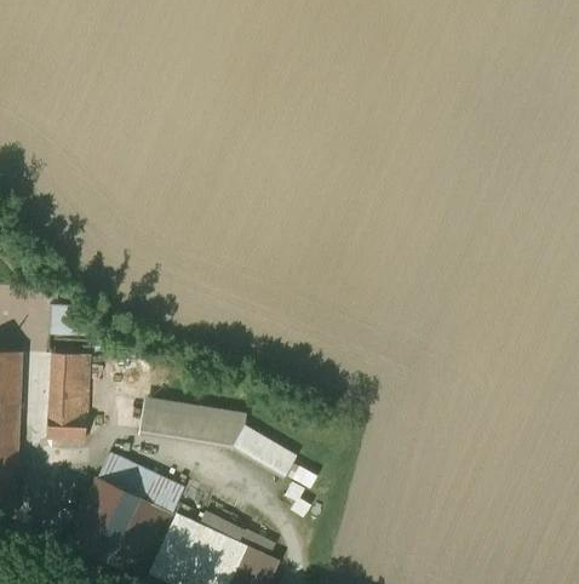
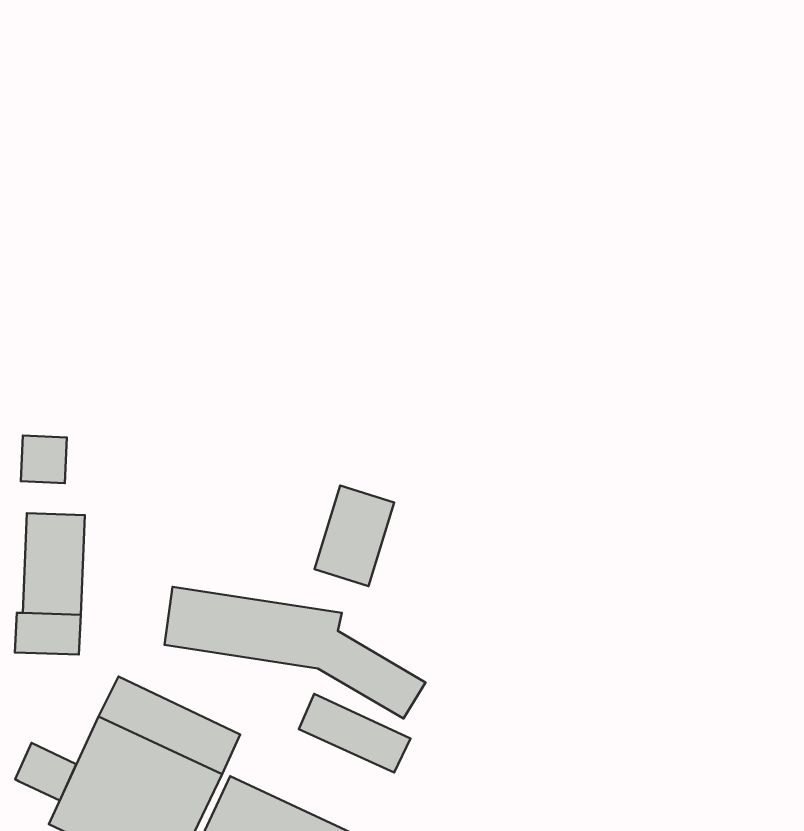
building: none -> [315,486,394,586]
building: none -> [299,694,410,773]
building: none -> [15,743,76,800]

